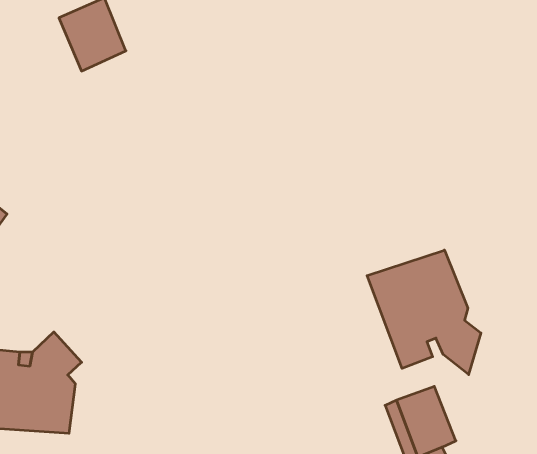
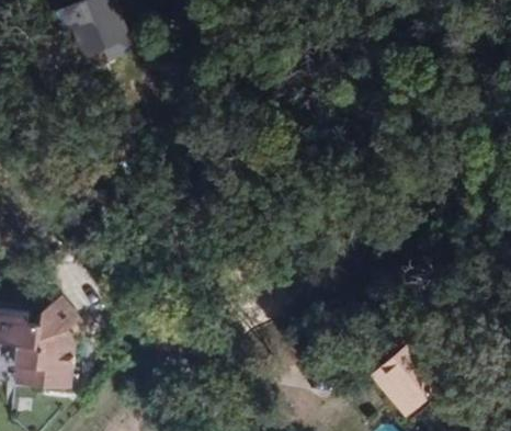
building: [367,250,481,375] -> none

